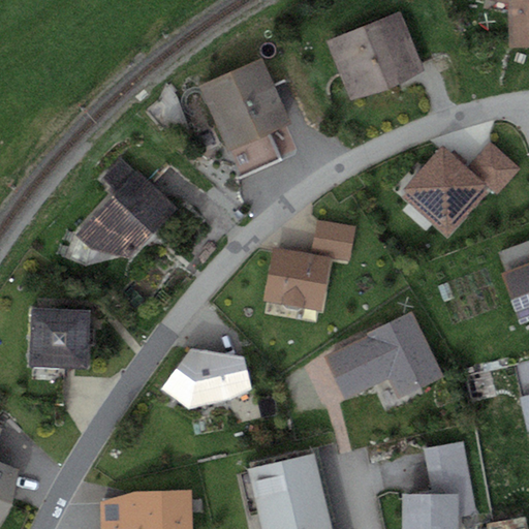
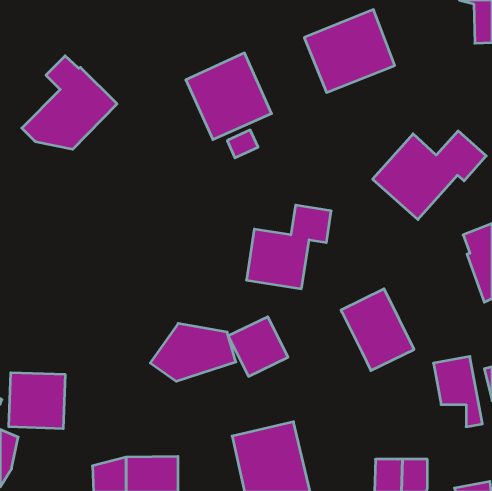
building: [74,158,177,258] -> [22,56,117,149]
building: [29,309,90,369] -> [9,373,65,429]
building: [324,336,388,400] -> [228,317,288,376]
building: [424,442,476,518] -> [433,356,482,427]

